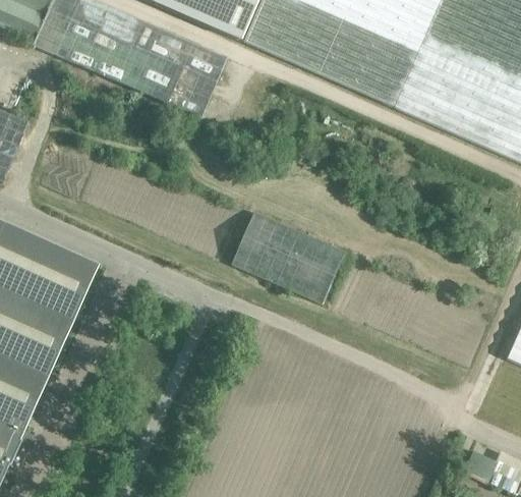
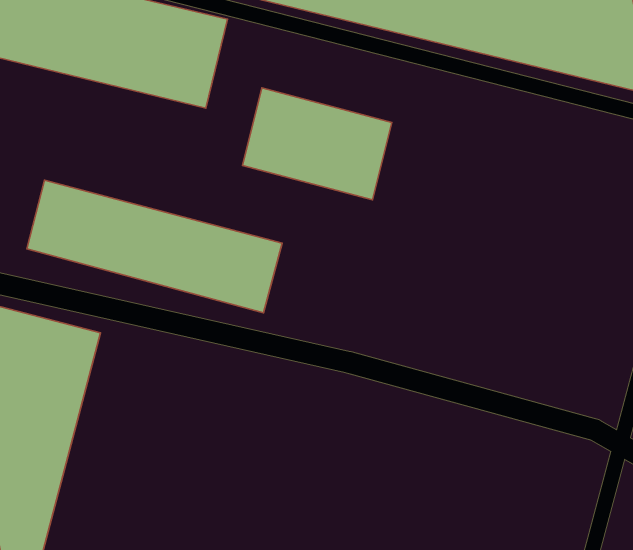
building: none -> [27,180,282,313]
building: [227,210,339,303] -> [242,88,392,200]

